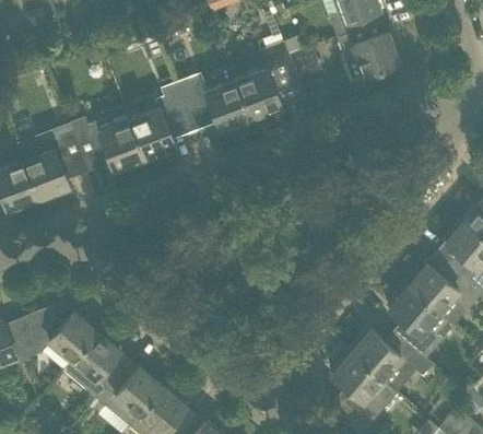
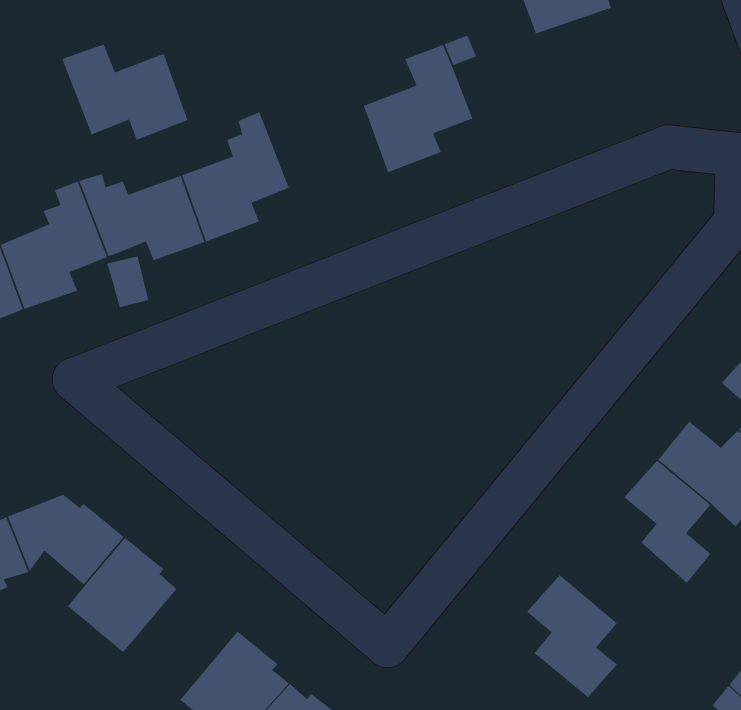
building: [337,23,400,84] -> none
building: [176,74,250,131] -> [61,43,189,141]
building: [351,330,432,389] -> none
building: [96,362,163,426] -> none

